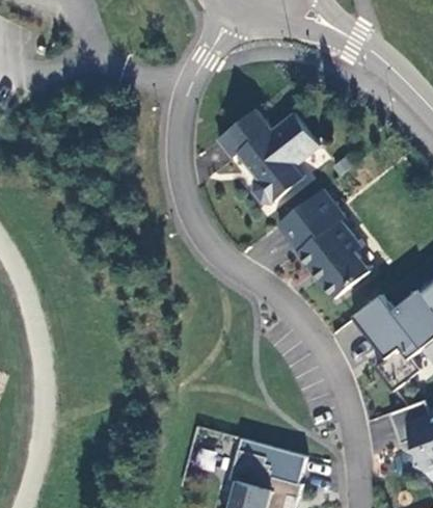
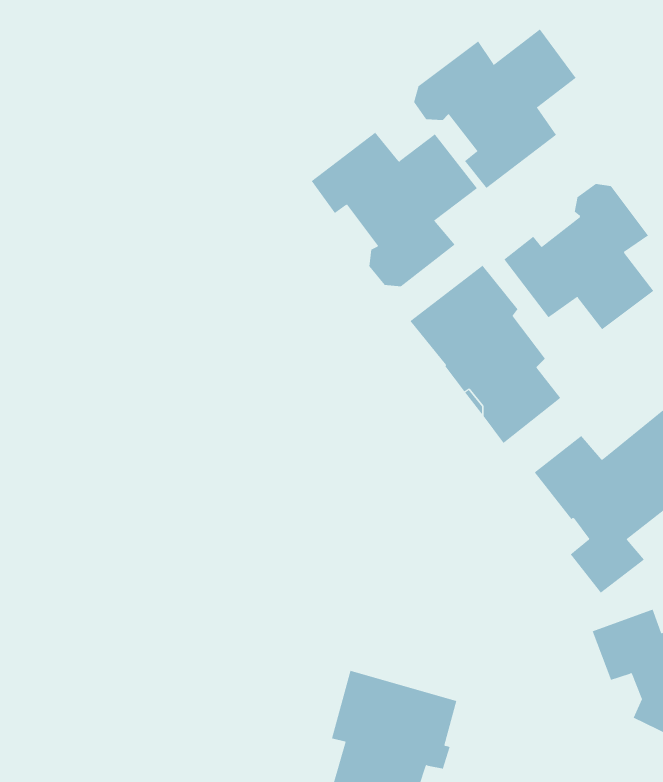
building: none -> [414,29,577,189]
building: none -> [503,183,654,330]

